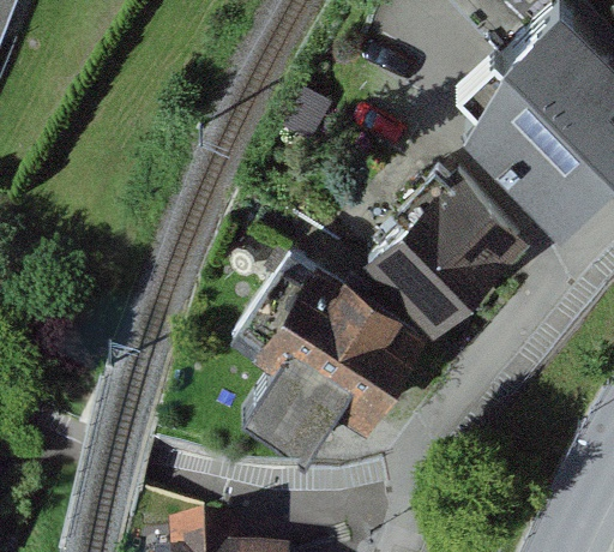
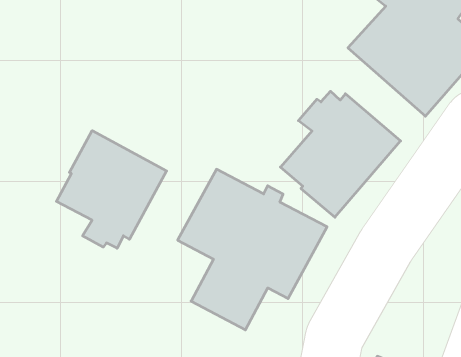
building: none -> [56,131,167,248]

